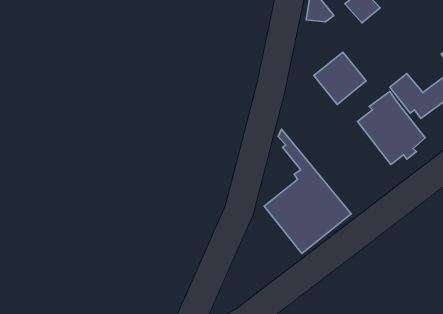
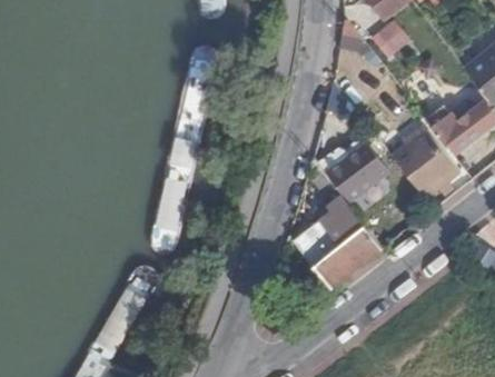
building: [314,52,366,105] -> [328,151,383,206]

